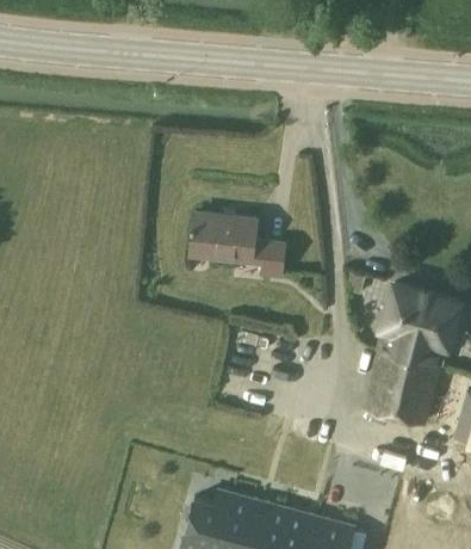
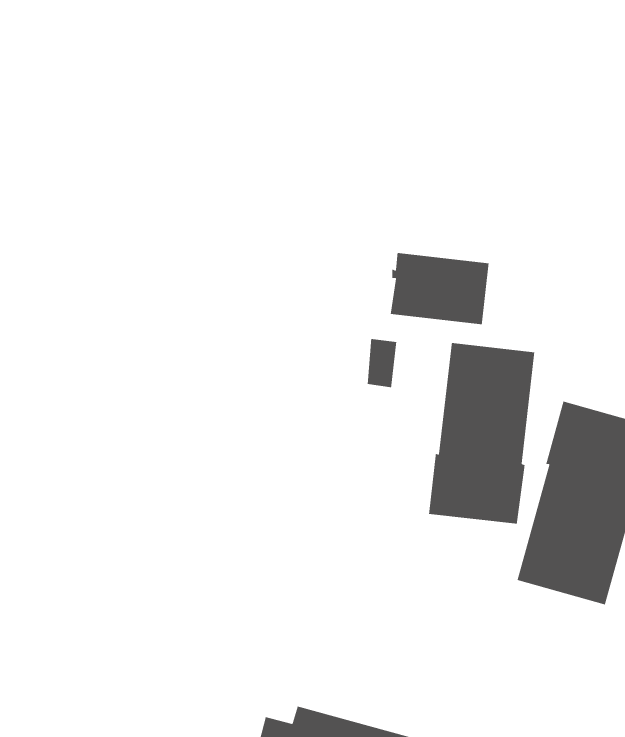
building: [191,212,258,261] -> [390,252,489,325]
building: none -> [428,342,535,524]

